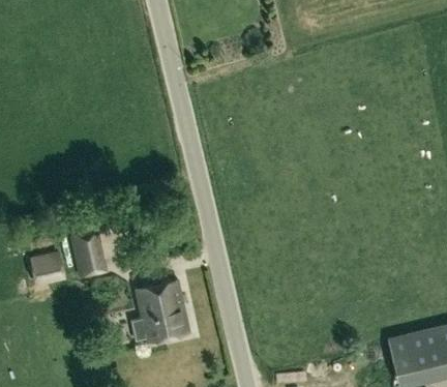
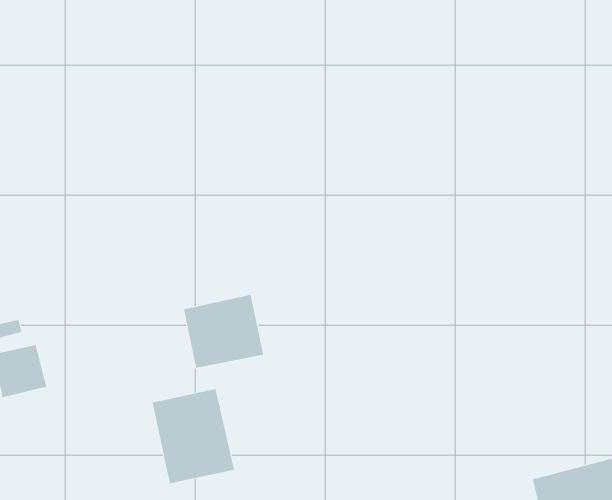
building: none -> [183,294,264,368]
building: [70,230,111,279] -> none

